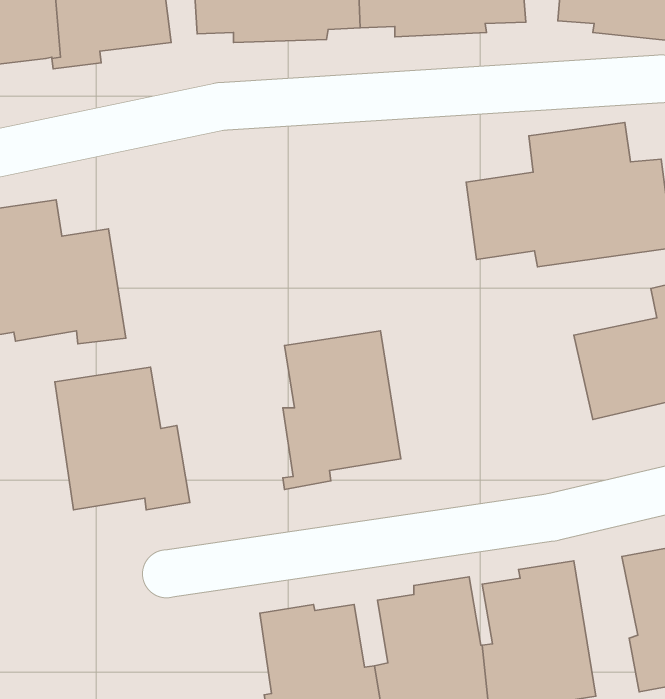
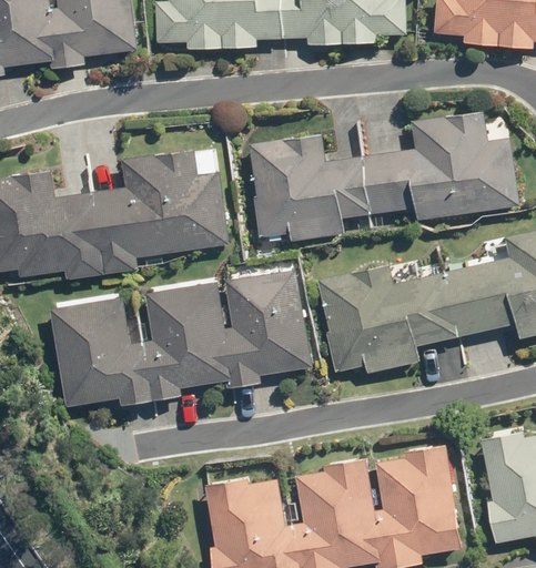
building: none -> [250,133,371,241]
building: none -> [90,148,229,274]
building: none -> [317,263,458,373]
building: none -> [142,281,231,399]

